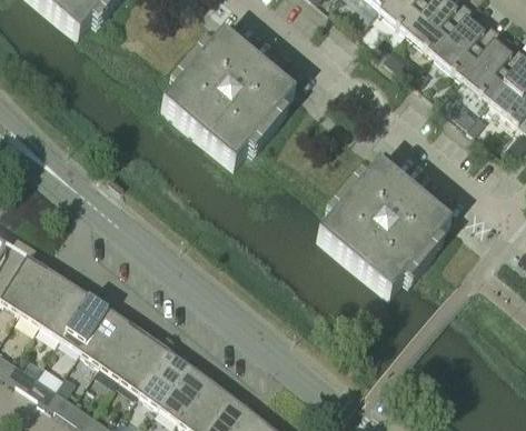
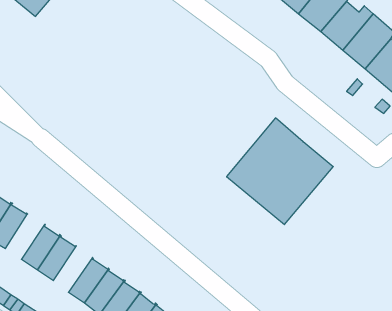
building: [160,31,294,164] -> none
building: [39,281,88,338] -> none
building: [99,321,148,379] -> none

